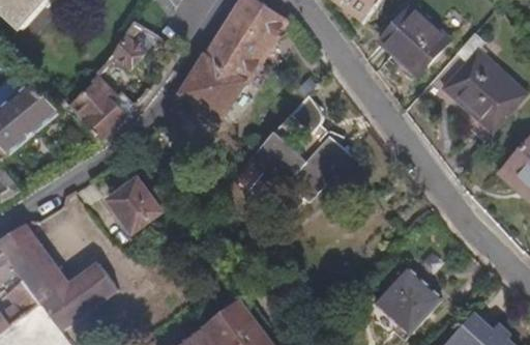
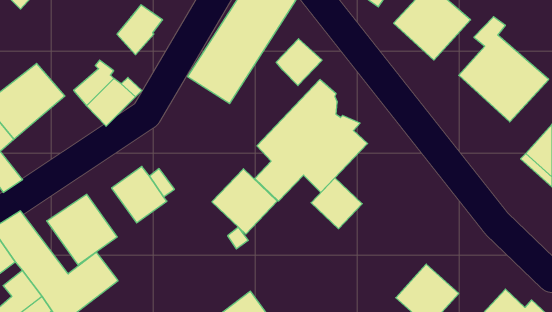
building: none -> [276,39,322,86]
building: none -> [212,169,277,234]
building: none -> [311,178,362,229]
building: none -> [47,194,117,265]

